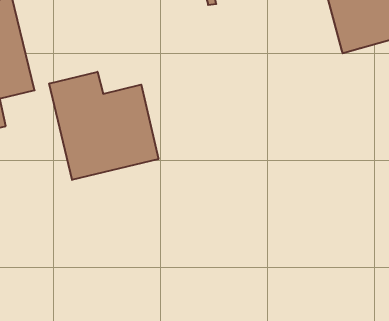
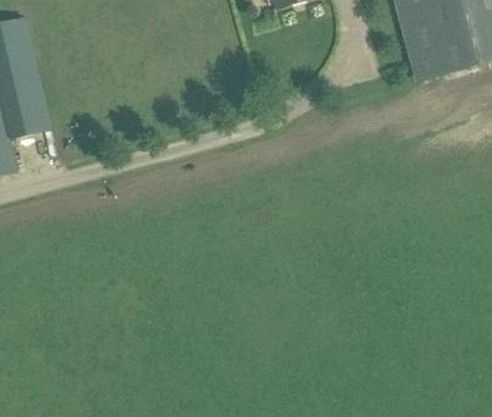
building: [49,72,158,180] -> none

